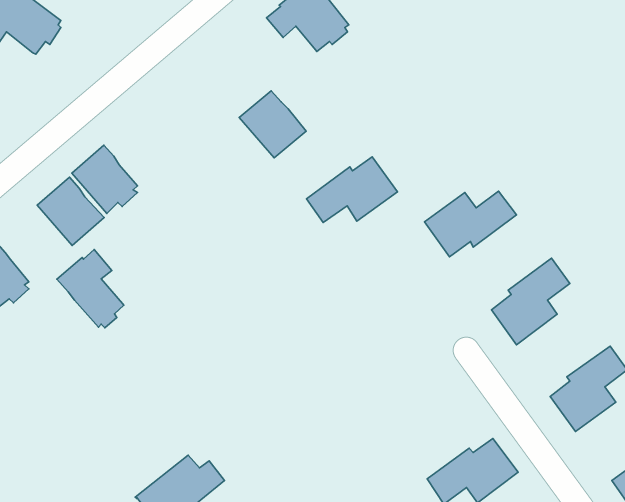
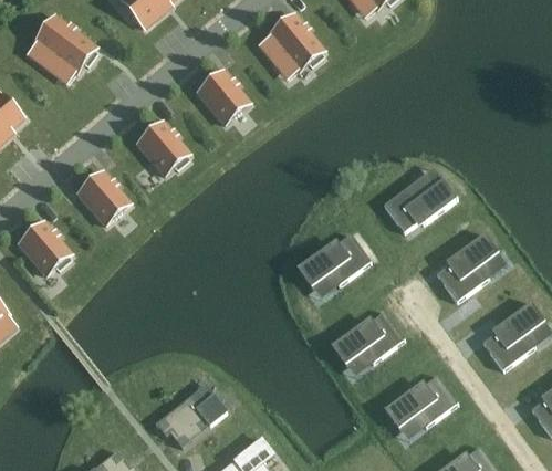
building: [239,91,306,158] -> [196,70,249,123]
building: [72,145,137,214] -> [136,121,188,175]
building: [307,157,397,223] -> [298,236,369,287]
building: [57,249,124,328] -> none
building: none -> [331,313,404,365]

